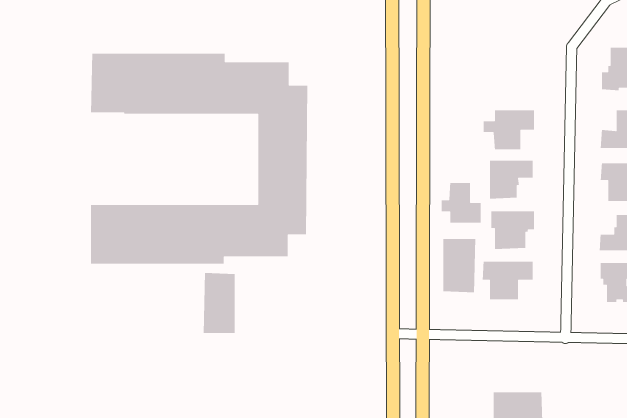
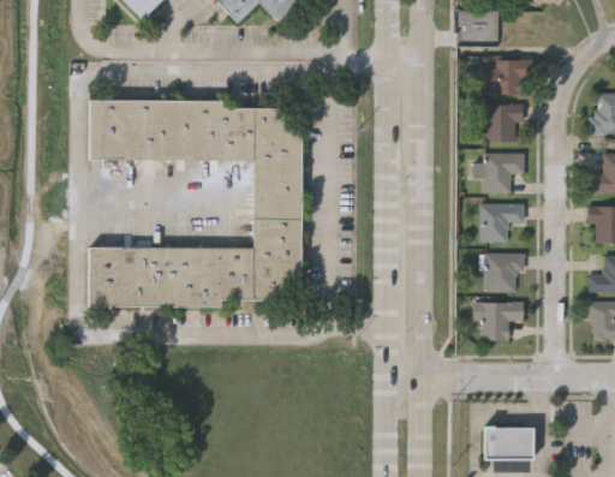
building: none -> [483,62,531,99]
building: none -> [484,107,523,144]
building: [441,182,482,223] -> none
building: [442,238,476,293] -> none
building: [203,272,235,334] -> none

